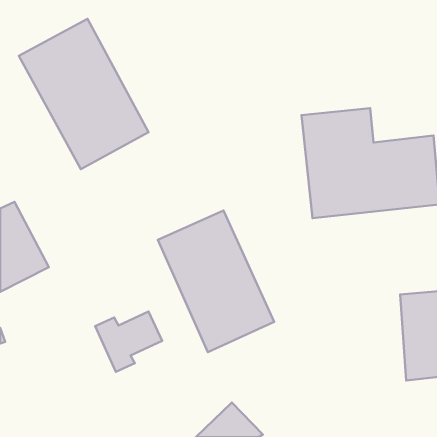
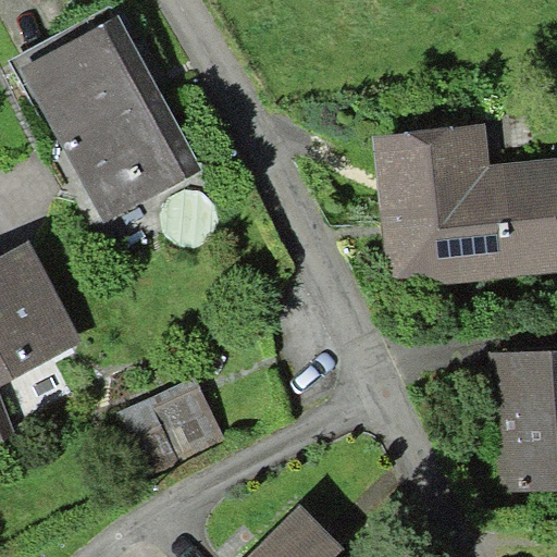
building: [158,210,274,352] -> none

